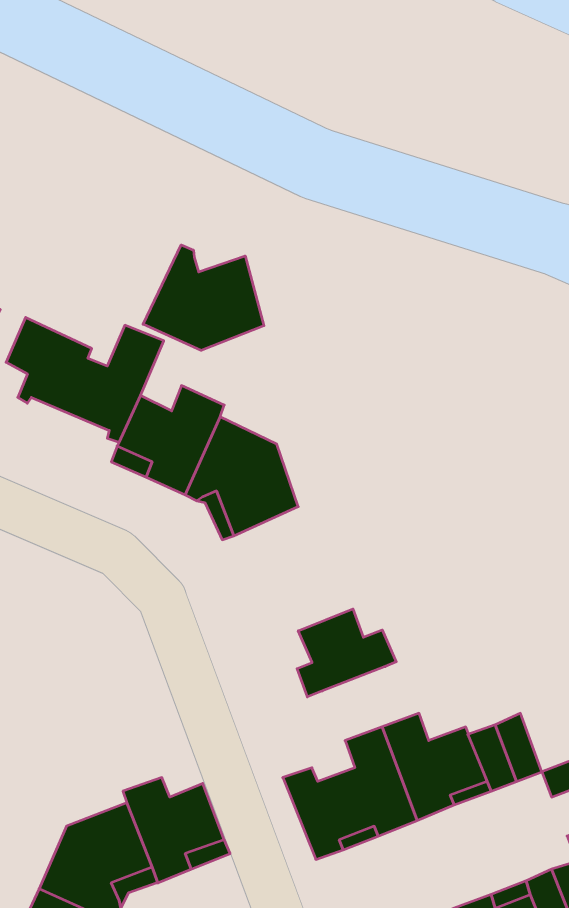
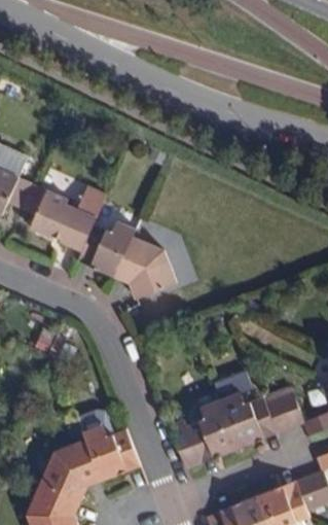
building: [143,245,264,350] -> none
building: [297,609,396,697] -> none

